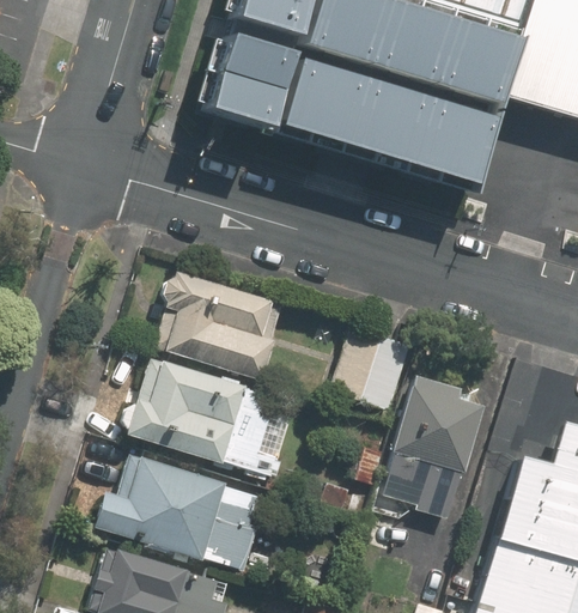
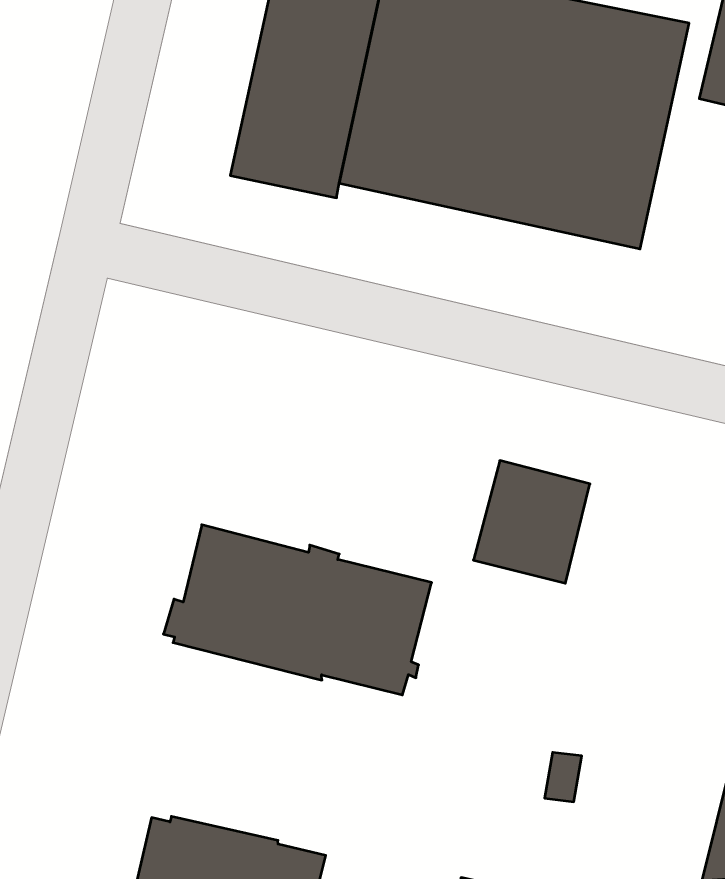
building: [156,269,282,380] -> none
building: [382,374,486,517] -> none
building: [98,453,260,571] -> none

